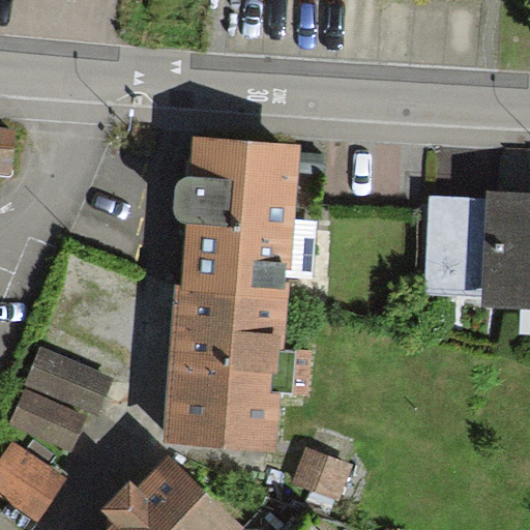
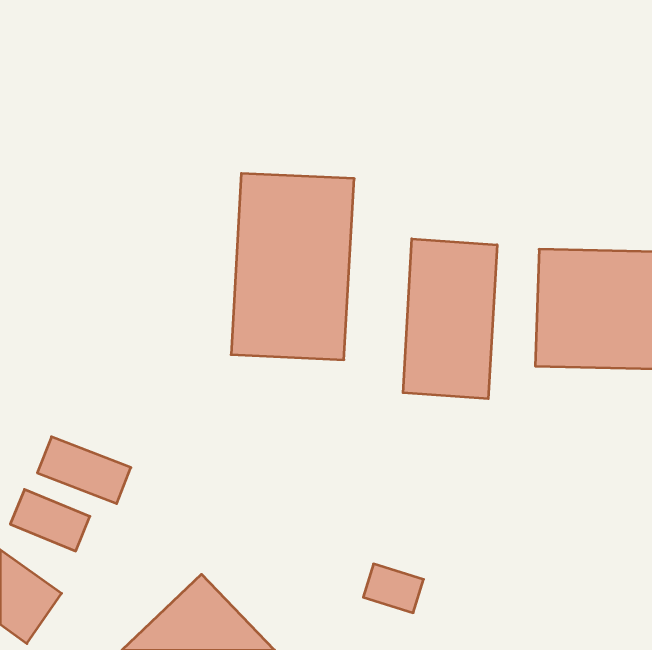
building: none -> [403,239,497,399]
building: [167,286,273,439] -> none

